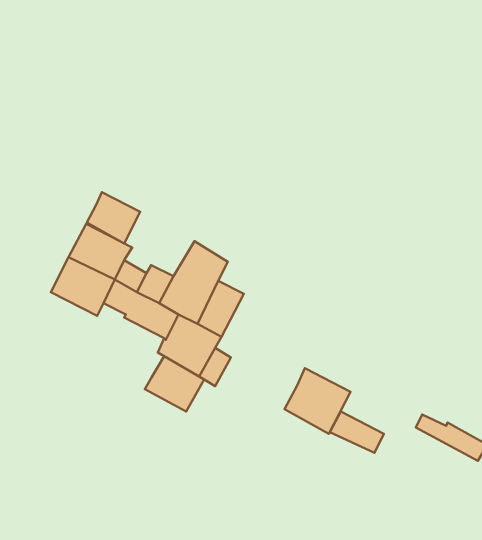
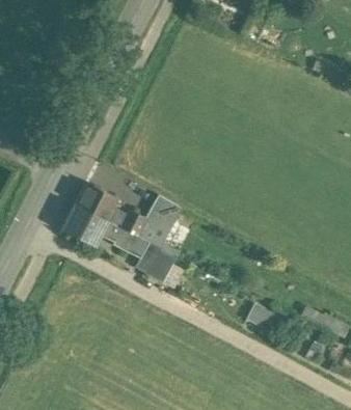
building: [87,192,140,243] -> none
building: [145,356,204,412] -> none
building: [285,368,350,434] -> none

